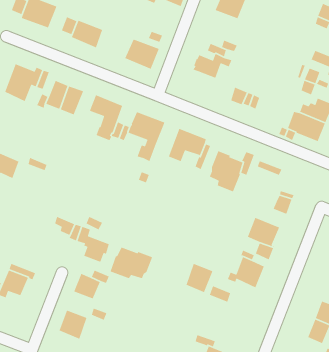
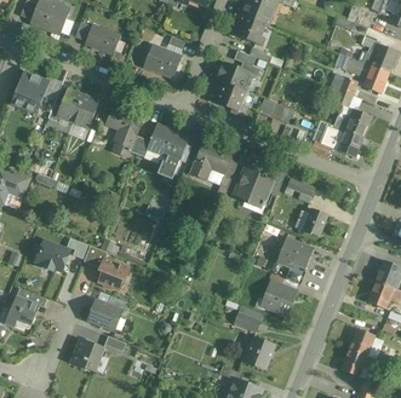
building: none -> [234,15,264,44]
building: none -> [214,81,245,110]
building: none -> [35,240,69,270]
building: [109,246,153,279] -> none
building: [186,263,213,293] -> [245,336,275,369]

